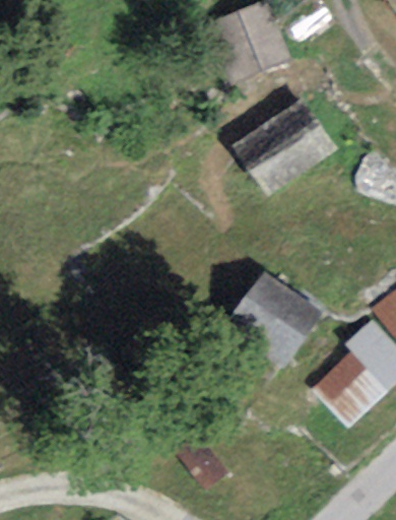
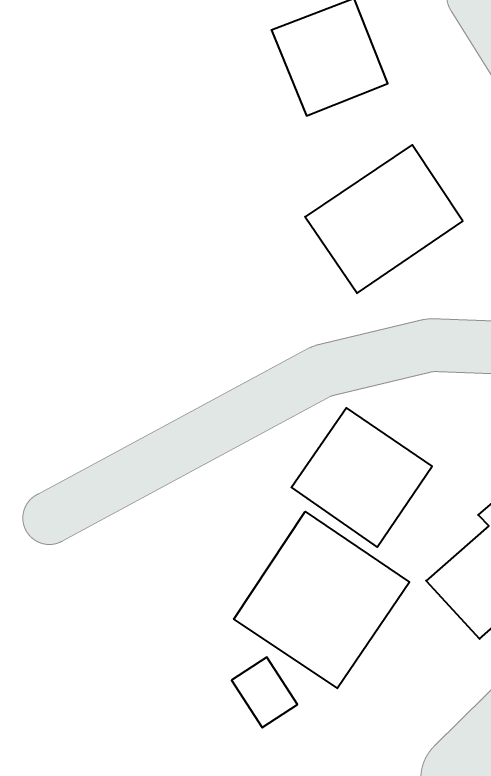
building: none -> [234,512,409,688]

